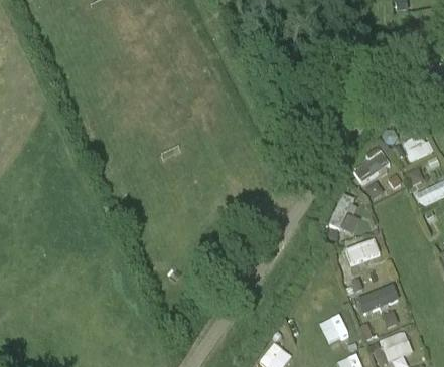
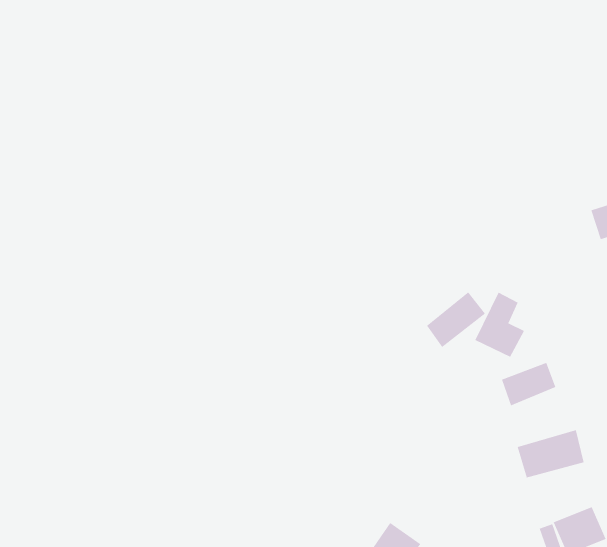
building: [352,148,391,184] -> [426,291,486,348]

